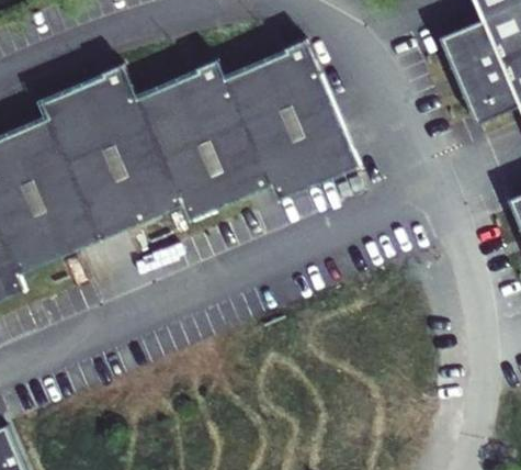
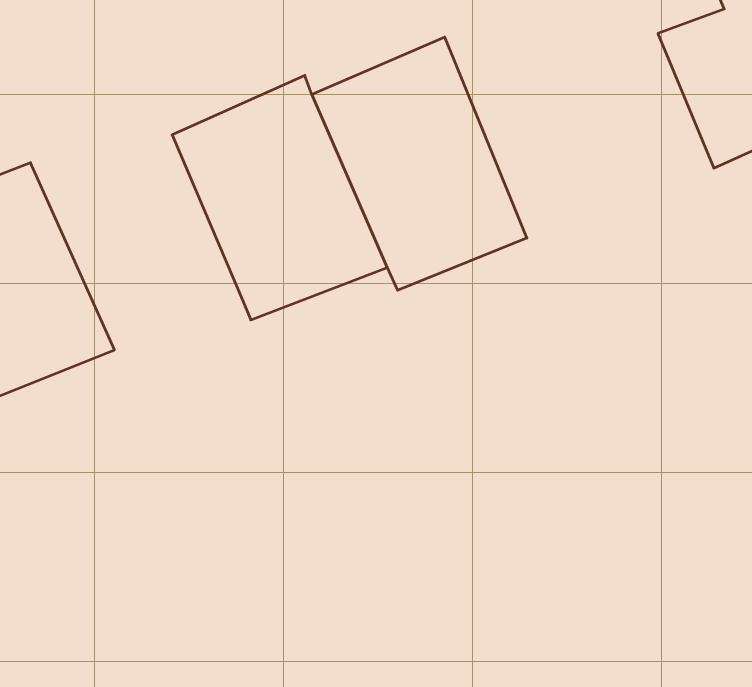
building: [44,69,182,236] -> none

